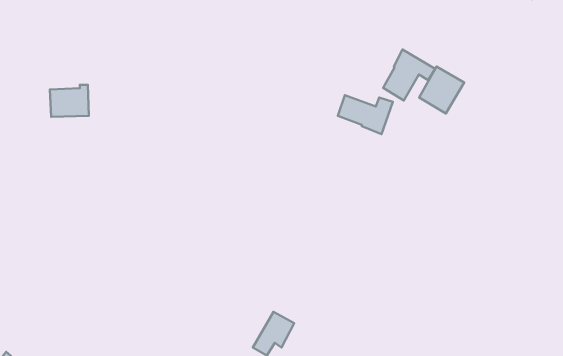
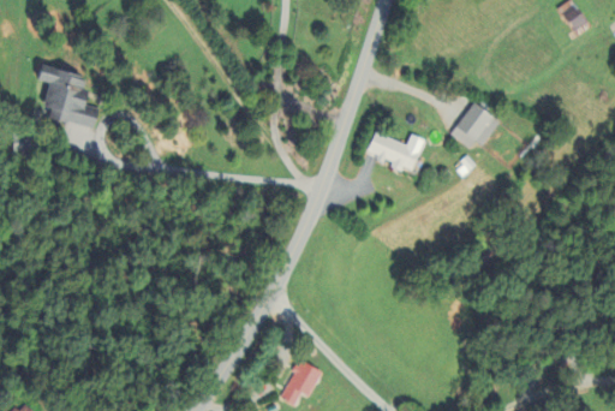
building: none -> [40,66,100,129]
building: [383,50,435,101] -> none

